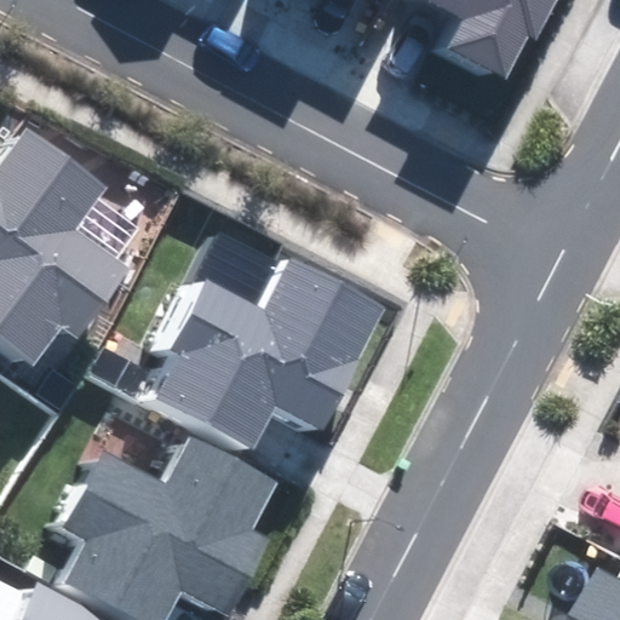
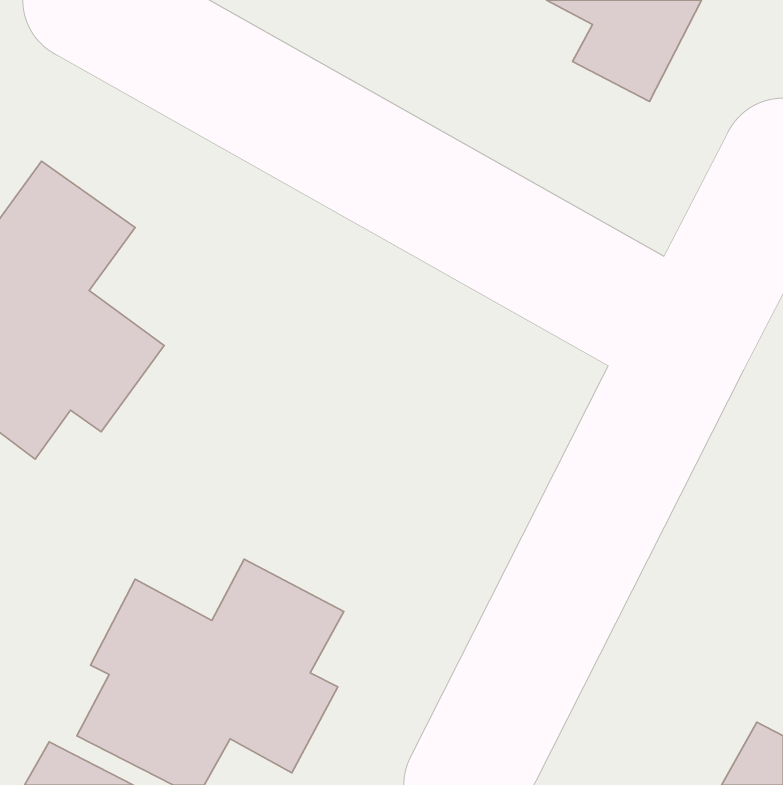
building: [154,260,380,450] -> none

